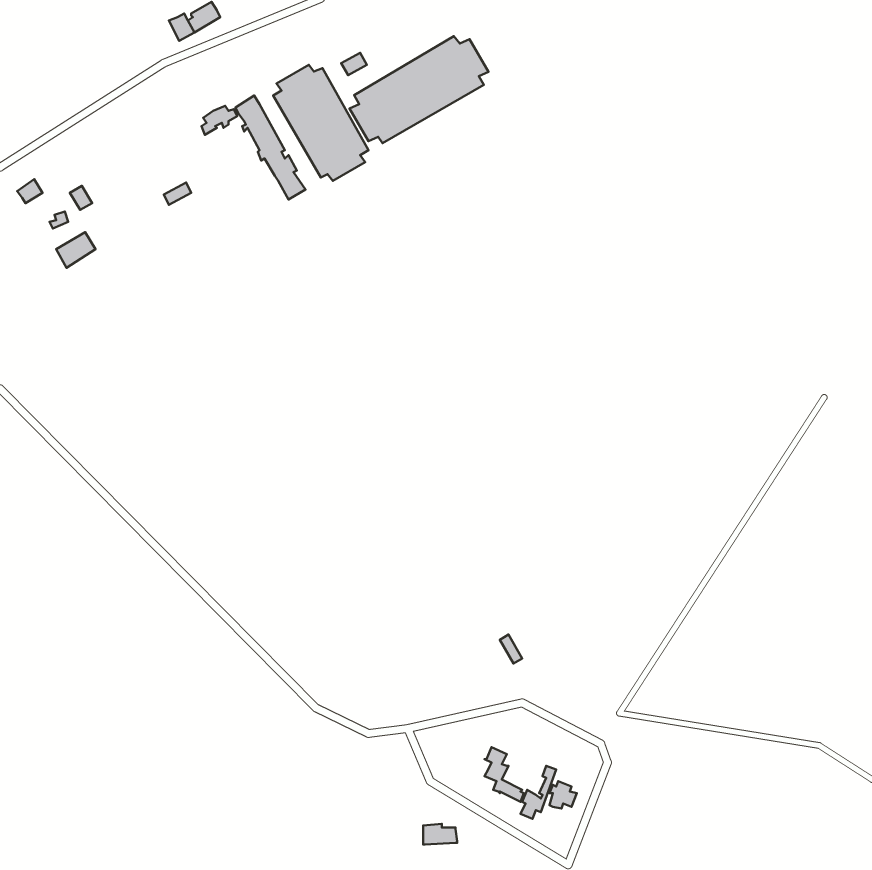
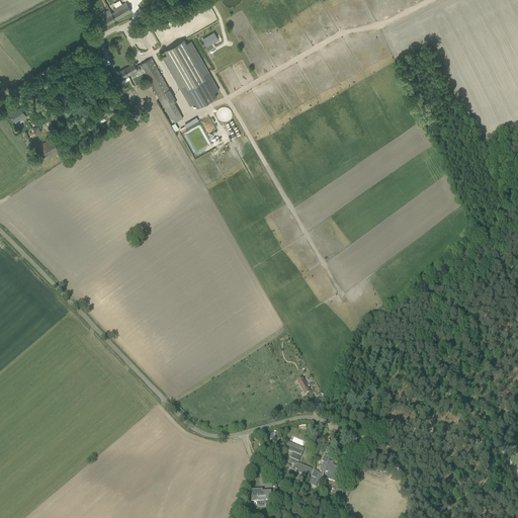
building: [350,36,488,143] -> none

